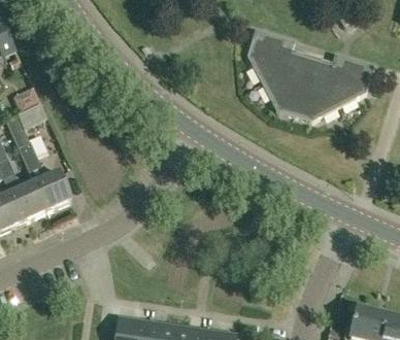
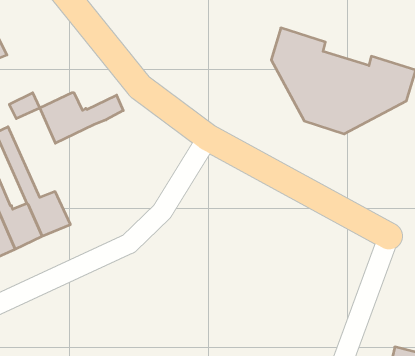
building: none -> [40,93,123,143]

